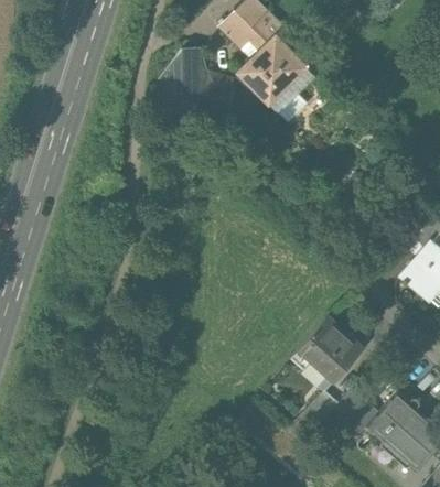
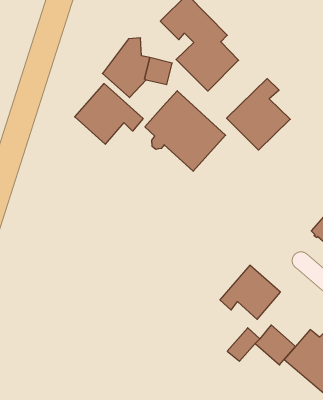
building: none -> [227,79,290,150]
building: none -> [75,84,143,144]
building: none -> [145,91,226,171]

